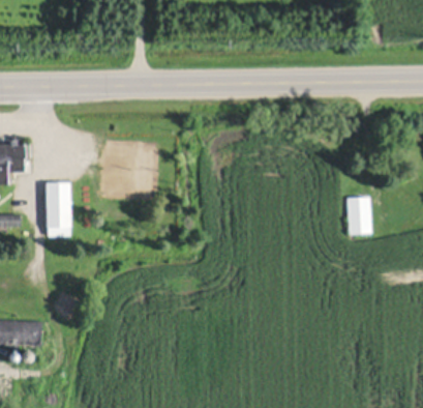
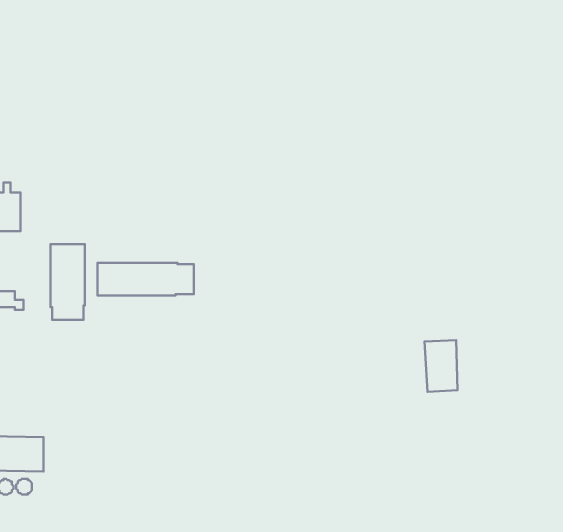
building: none -> [98,263,194,295]
building: [346,197,370,234] -> [425,340,457,392]

